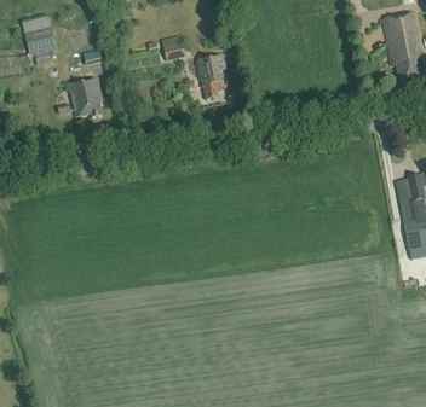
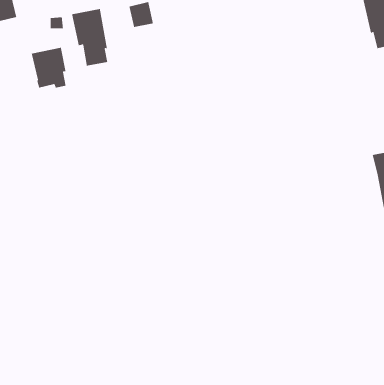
building: none -> [71,8,108,66]
building: [195,54,229,100] -> none

